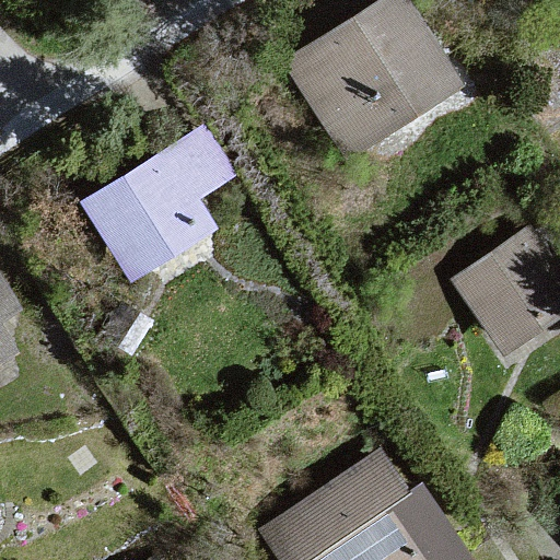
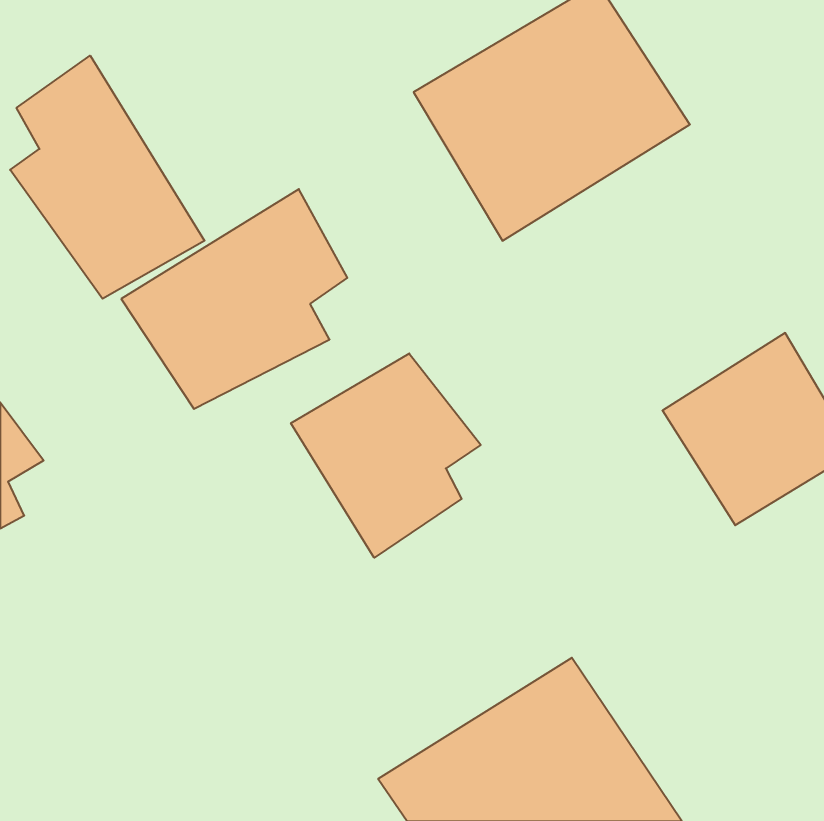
building: none -> [10,56,205,299]
building: none -> [291,353,481,558]

